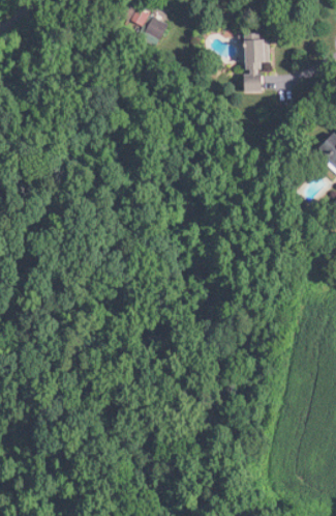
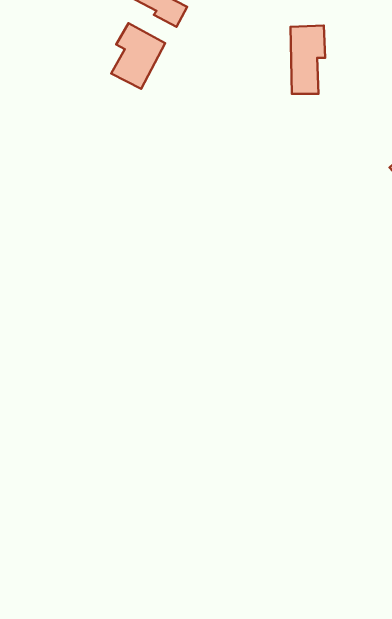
building: none -> [111,23,165,89]

